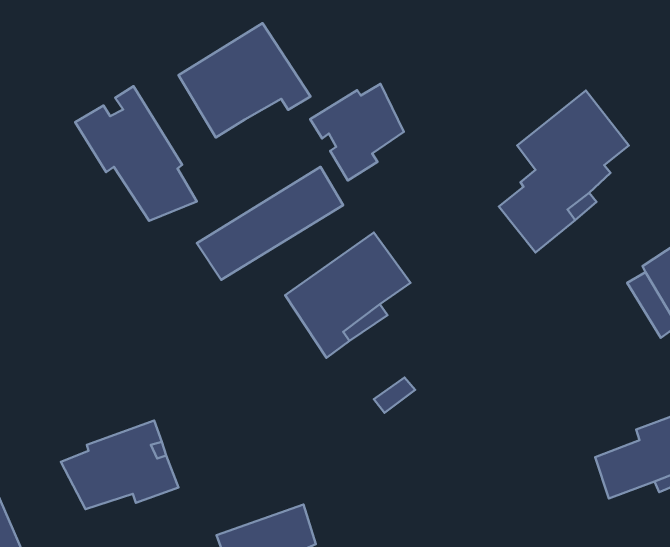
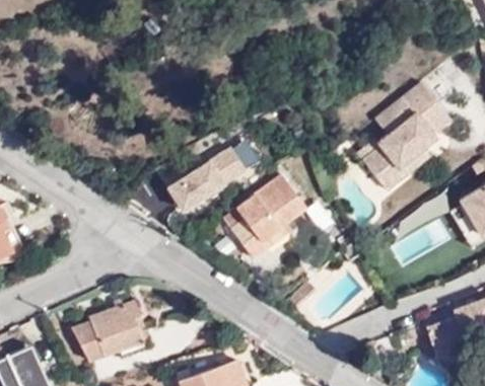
building: [178,23,310,138] -> none
building: [310,84,404,180] -> none
building: [75,86,197,221] -> none

